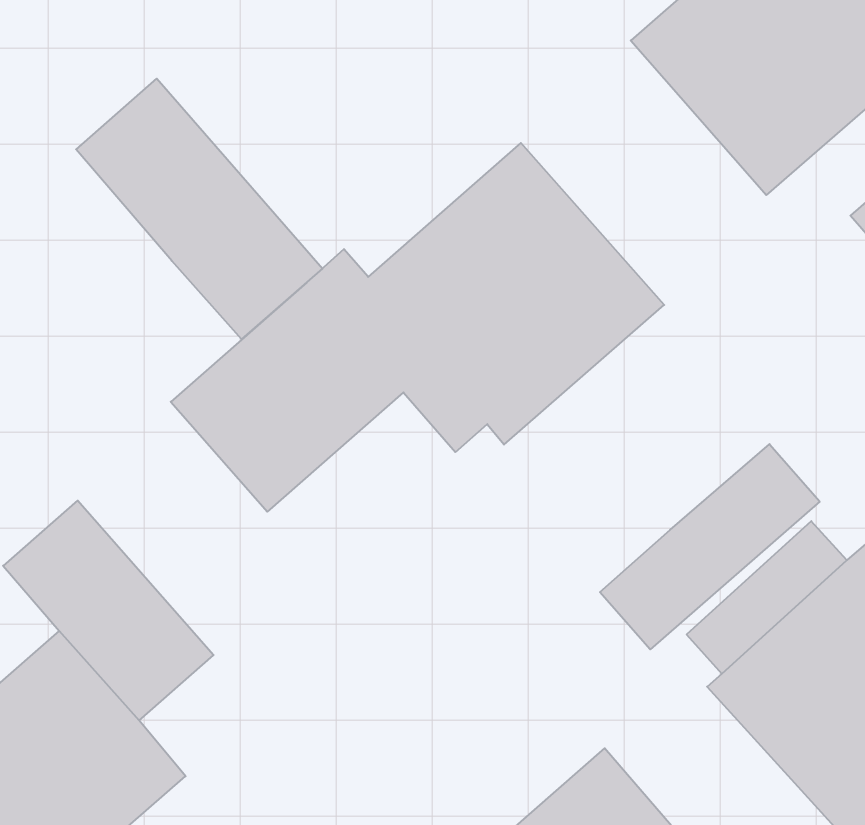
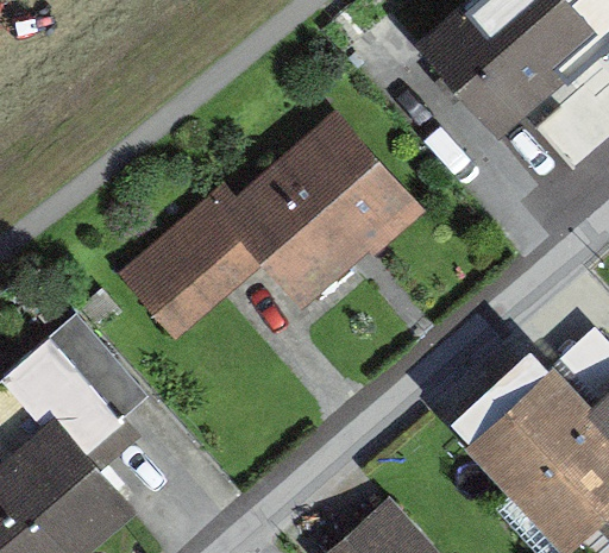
building: [76,79,322,339] -> none
building: [600,444,820,649] -> none

